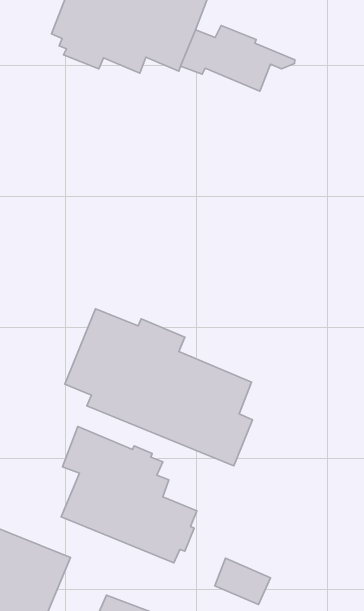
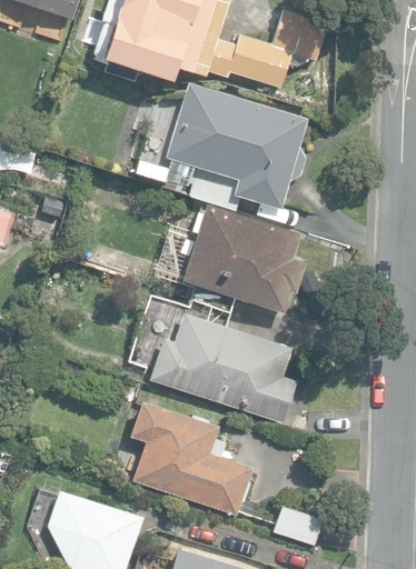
building: none -> [271,12,326,61]
building: none -> [165,82,309,208]
building: none -> [170,207,305,309]

